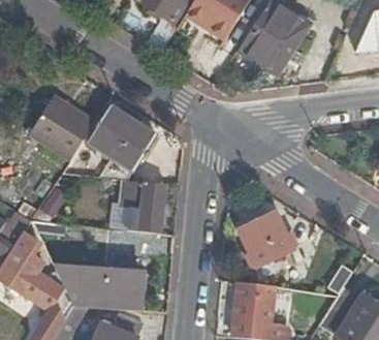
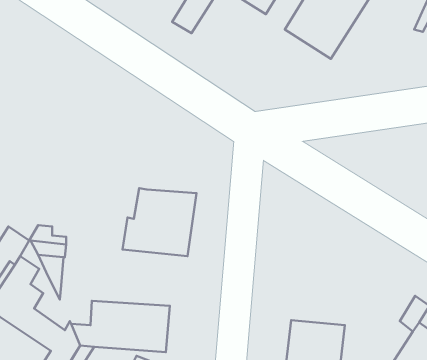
building: [25,94,94,162] -> none
building: [89,104,156,178] -> none
building: [241,211,292,269] -> none

